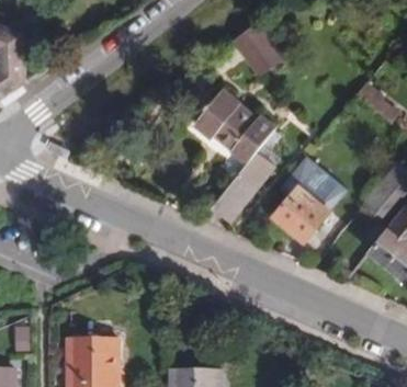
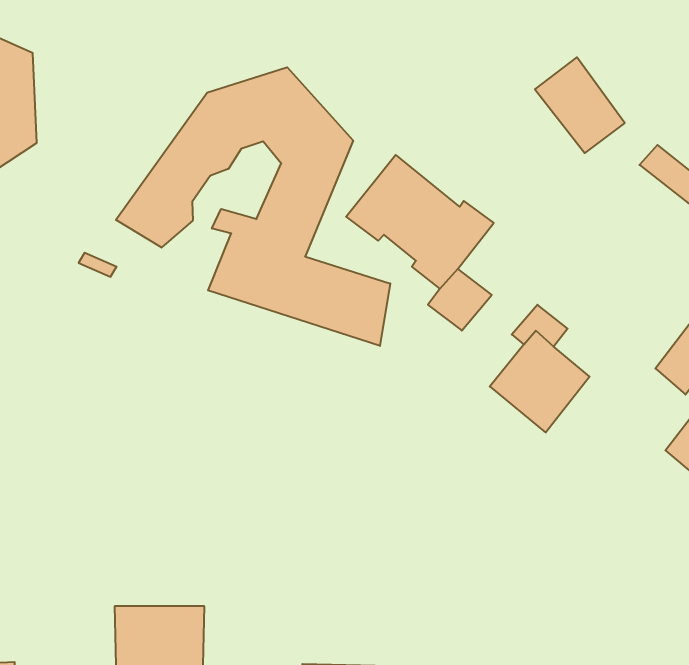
building: [233,22,282,75] -> [535,57,625,153]
building: none -> [116,67,390,346]
building: [211,172,258,223] -> none

